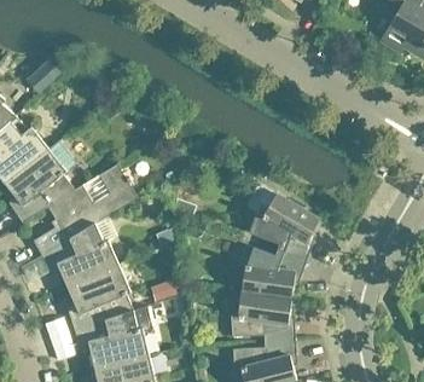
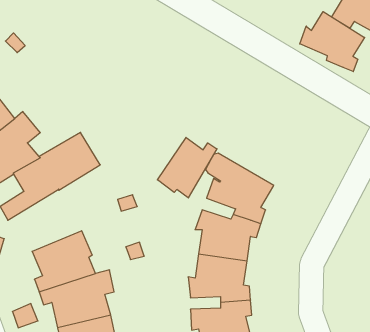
building: none -> [300,12,365,72]
building: none -> [157,137,217,198]
building: [41,222,118,288] -> none

